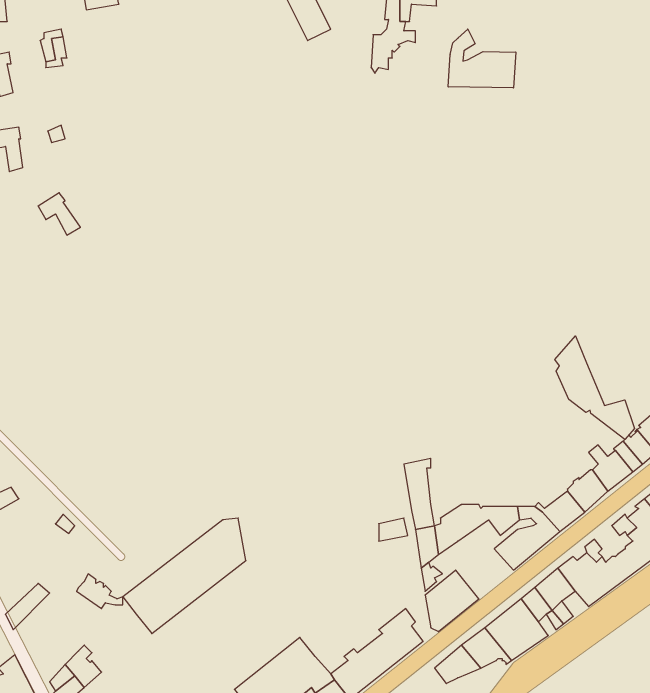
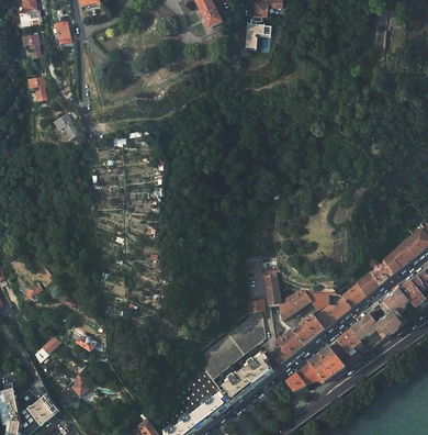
building: [448,29,516,88] -> none
building: [555,336,635,439] -> none
building: [123,518,246,634] -> [195,313,266,379]
building: none -> [292,314,325,346]

